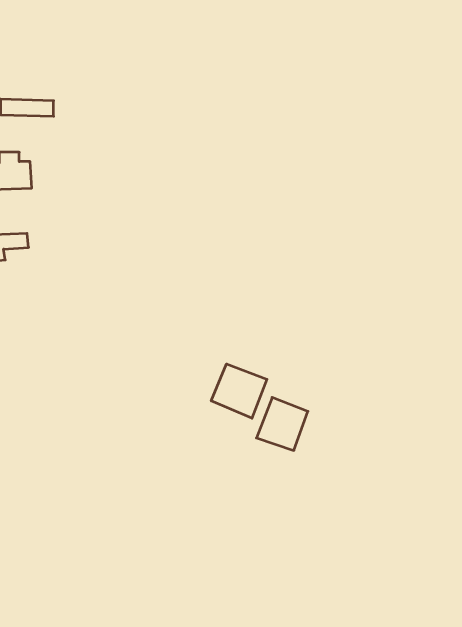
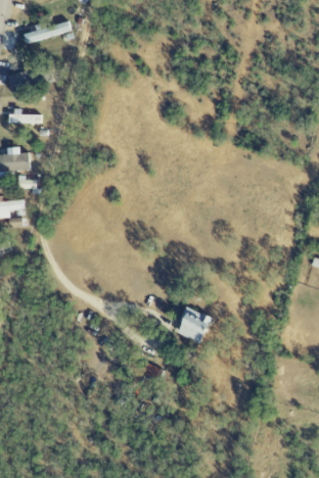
building: [211,364,267,418] -> none

